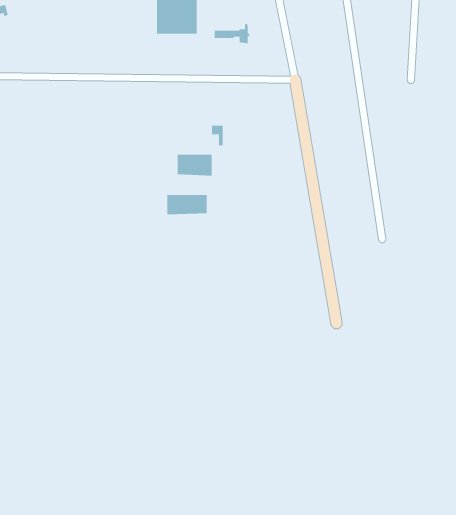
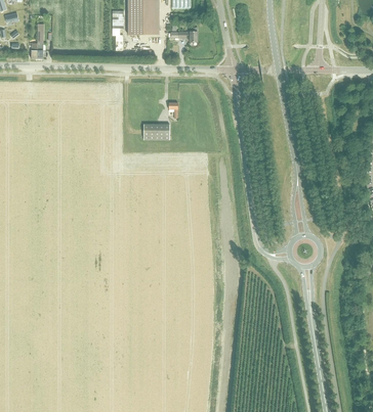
building: [167,194,207,215] -> none

